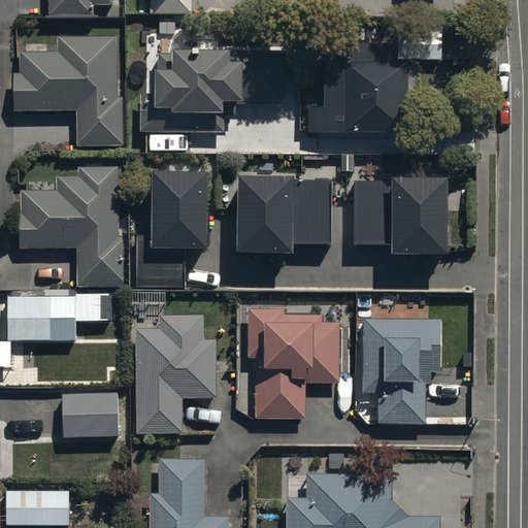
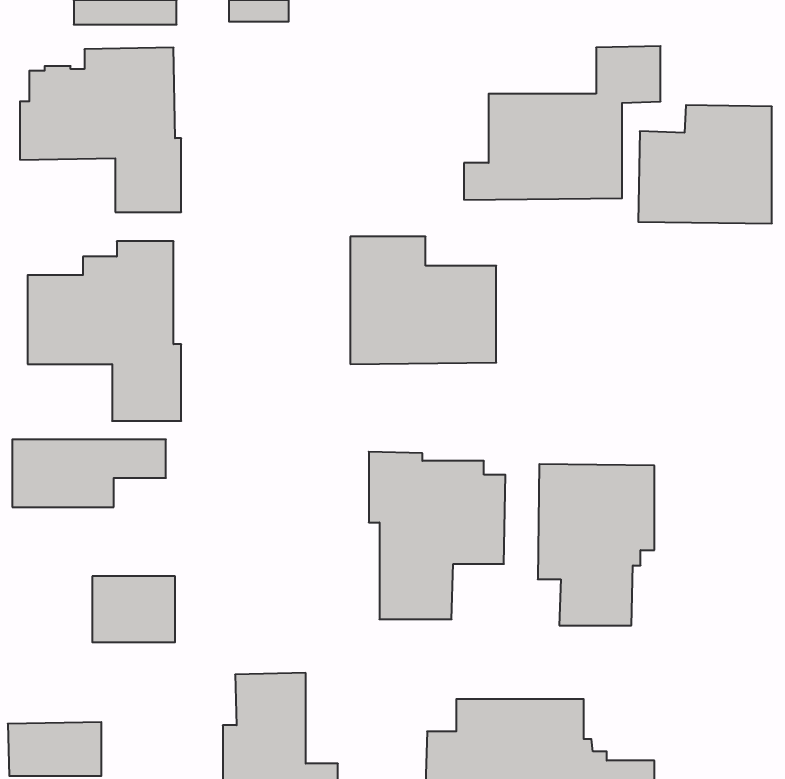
building: [140,37,287,129] -> none
building: [146,166,204,245] -> none
building: [353,168,442,248] -> [638,105,772,223]
building: [128,292,218,434] -> none

